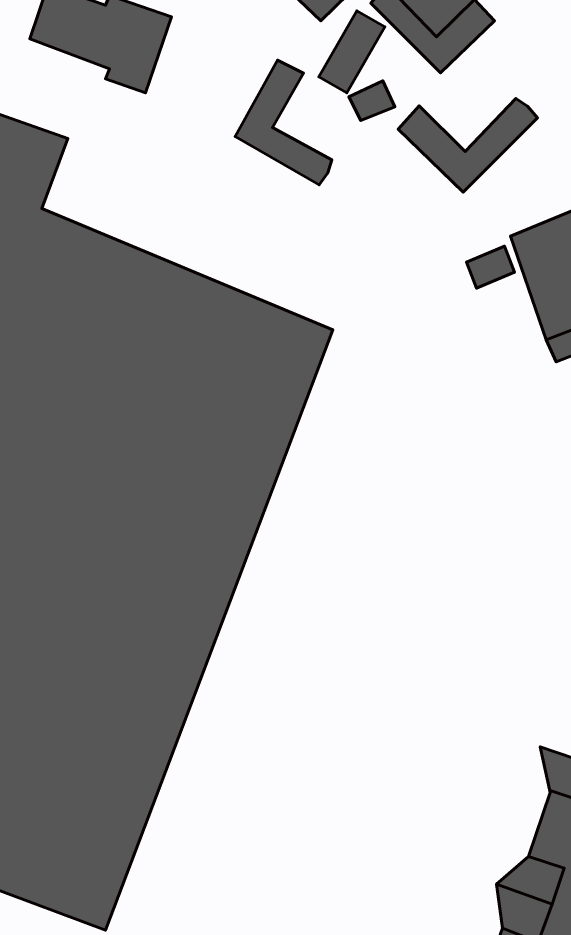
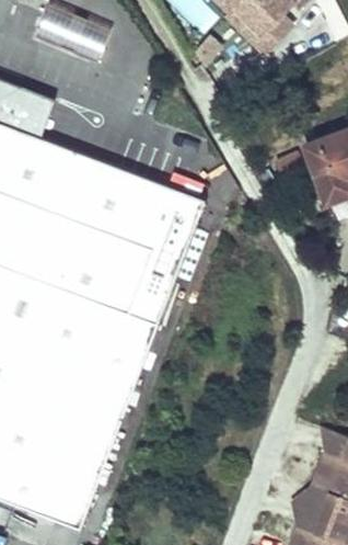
building: [235,60,332,185] -> none
building: [398,99,537,192] -> none

